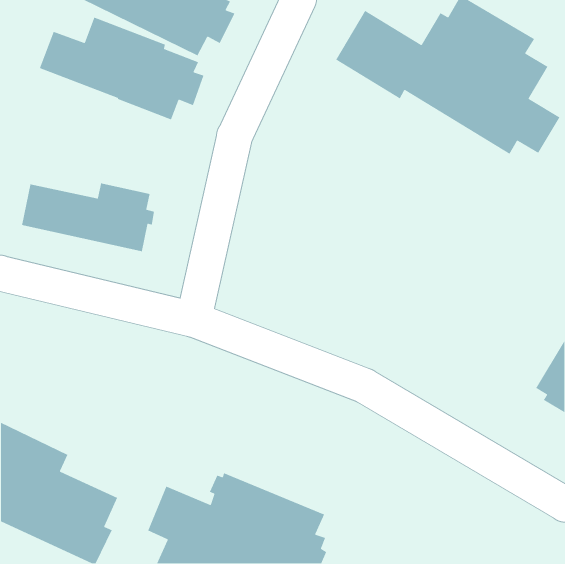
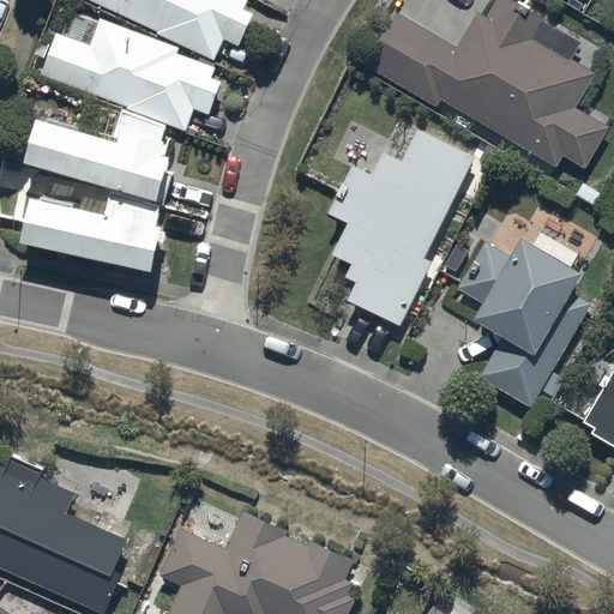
building: none -> [26,109,173,204]
building: none -> [329,127,476,324]
building: none -> [457,239,590,408]

